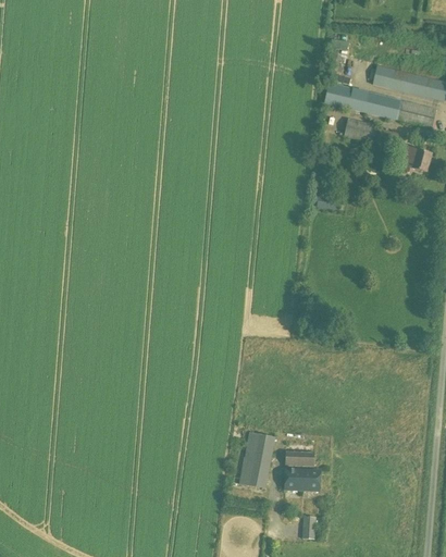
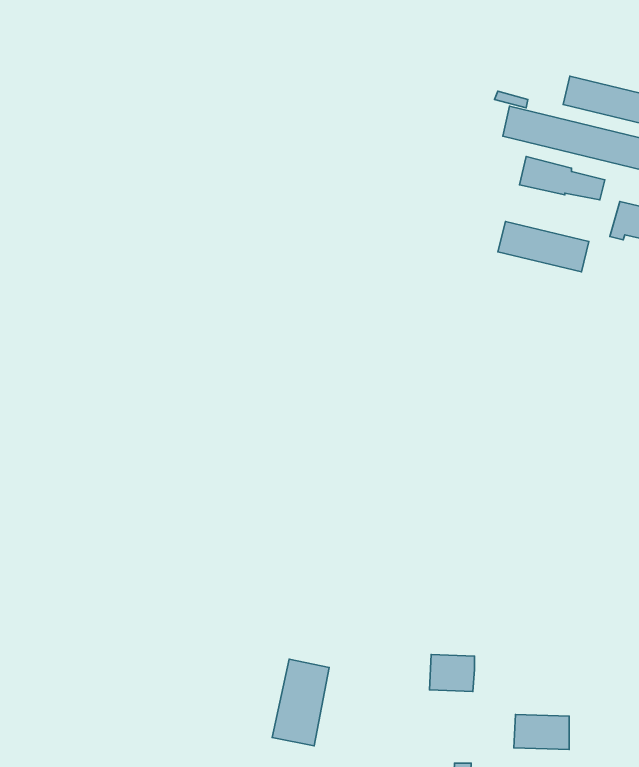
building: none -> [498,221,589,272]
building: [237,432,274,488] -> [272,659,329,746]
building: [283,468,319,491] -> [514,715,569,750]

